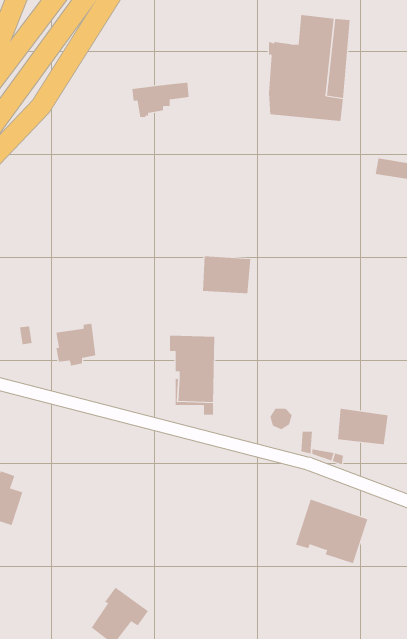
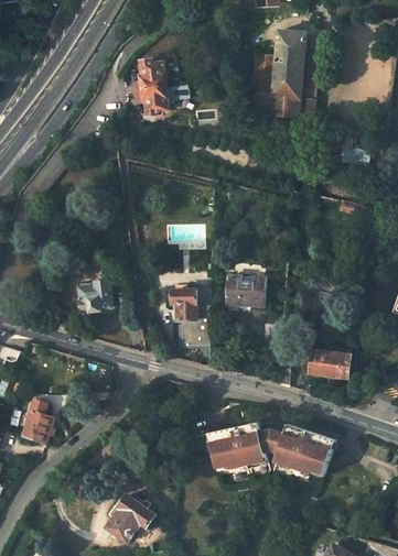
building: none -> [139,57,165,89]
building: [202,256,251,294] -> [225,274,265,305]
building: none -> [209,418,265,467]

